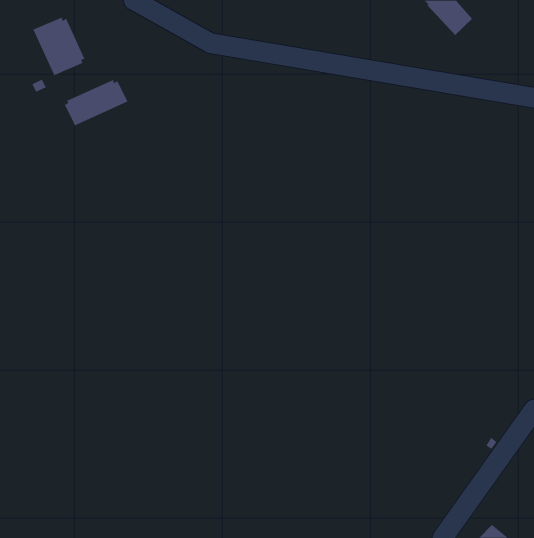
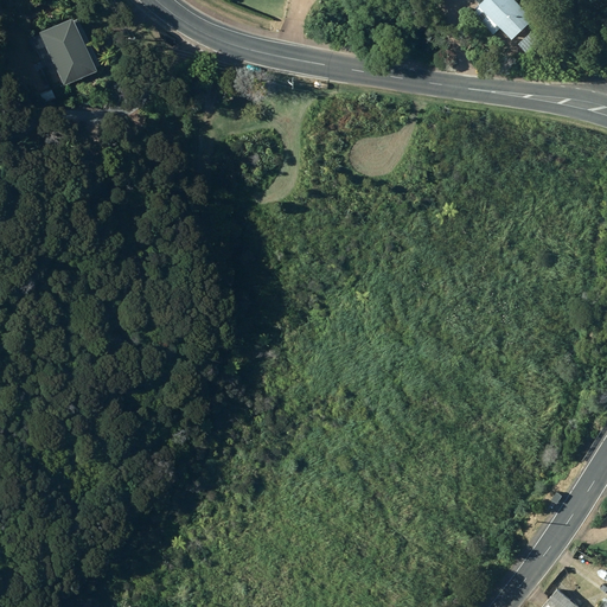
building: [64,79,128,126] -> none

